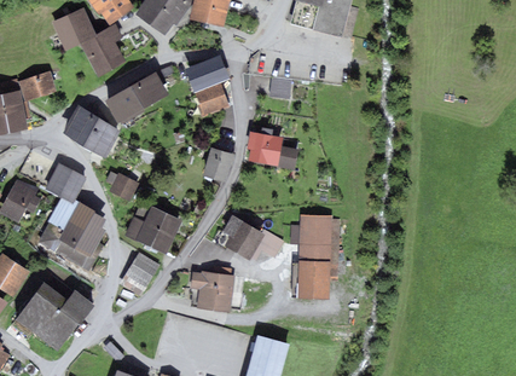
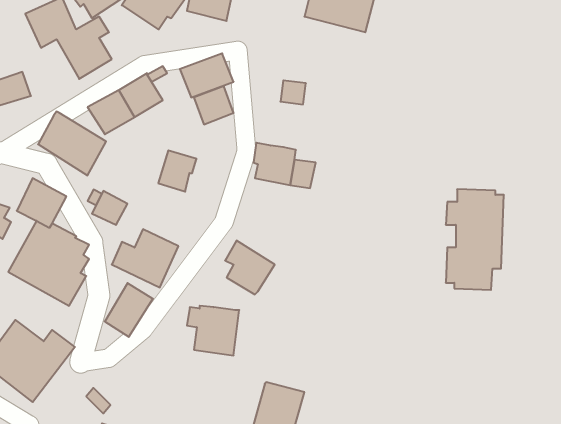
building: [202,146,234,181] -> [158,150,197,192]
building: [290,213,340,299] -> [446,189,504,290]
building: [249,229,284,261] -> none

